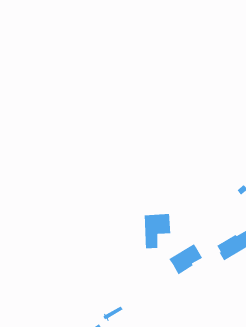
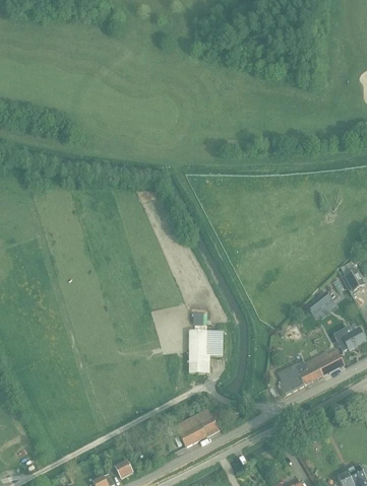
building: [168,243,203,275] -> [174,409,218,447]

